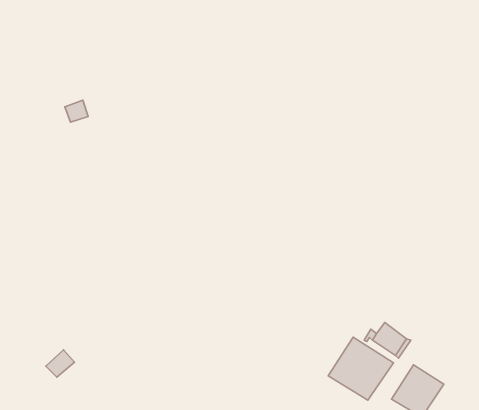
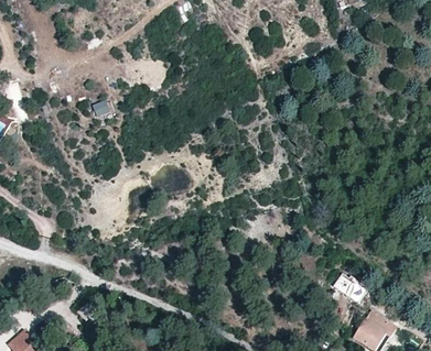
building: [328,337,393,400] -> none

